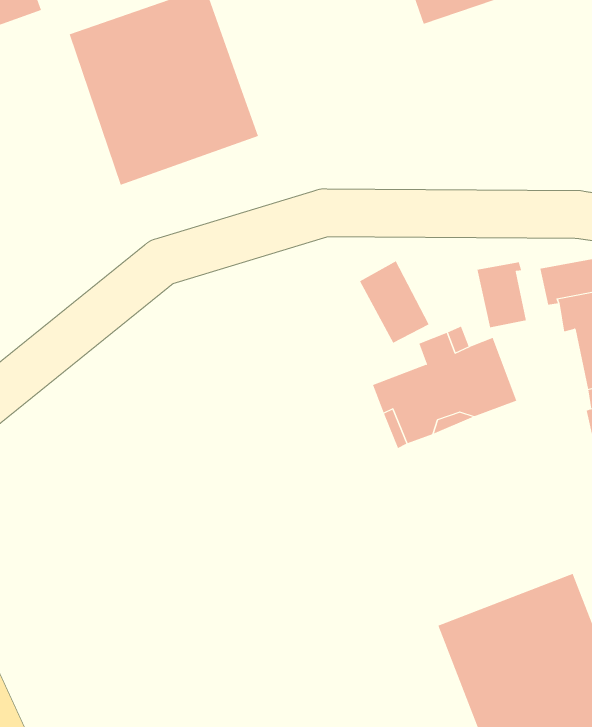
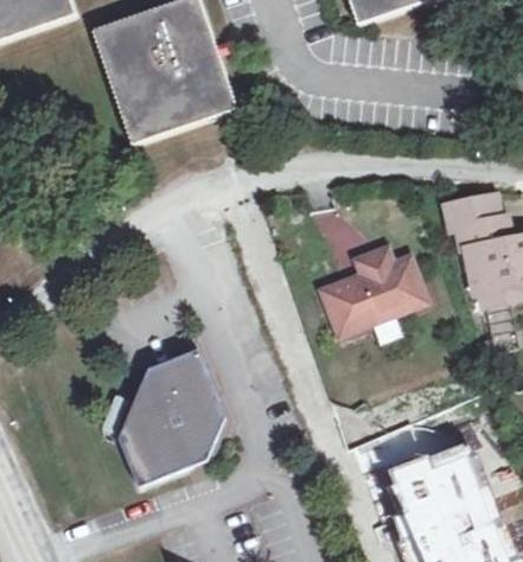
building: [477,261,526,328] -> none
building: none -> [119,349,224,486]

